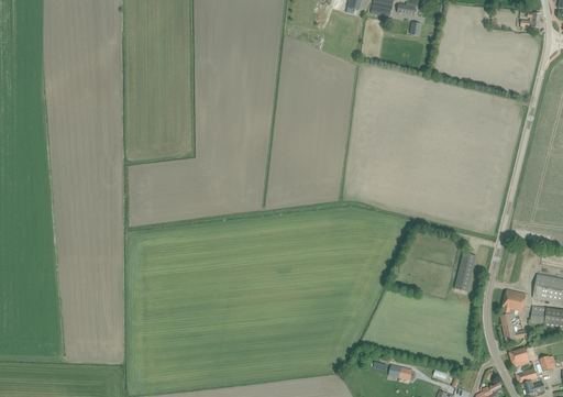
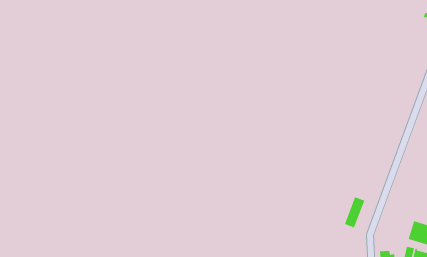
building: [500,289,526,316] -> none

